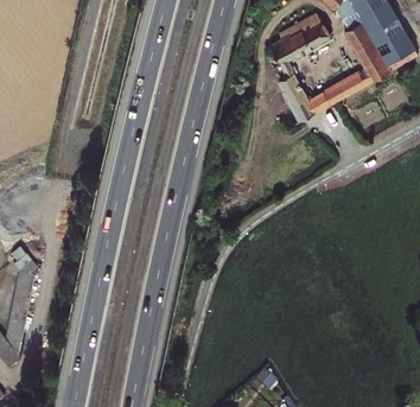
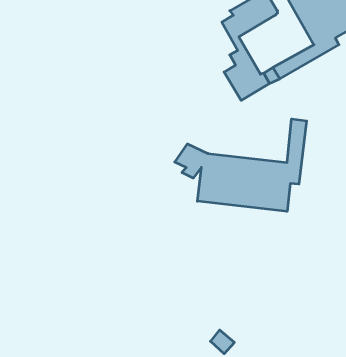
building: none -> [175,119,307,211]

